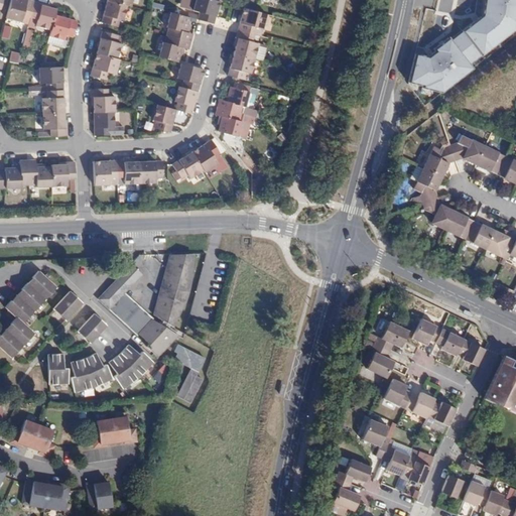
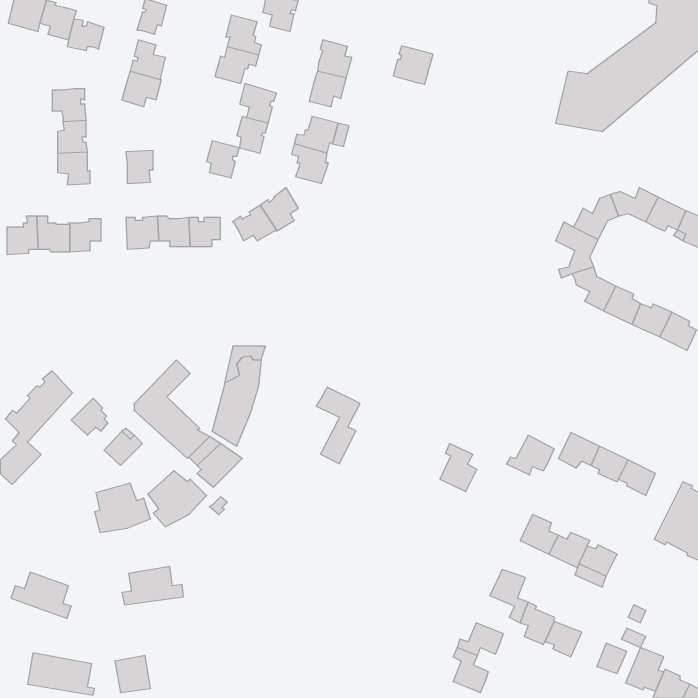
building: [239,7,268,35] -> [393,46,433,84]
building: [92,88,116,112] -> none
building: [367,342,394,377] -> [440,444,477,492]
building: [172,348,205,404] -> [316,387,360,464]
building: [48,354,68,384] -> none

